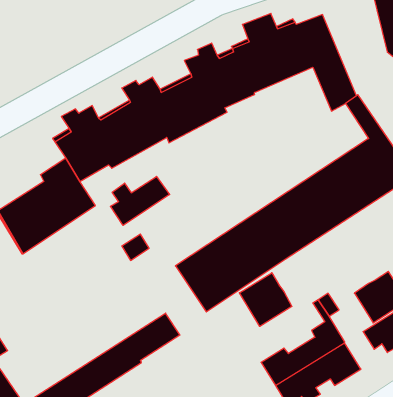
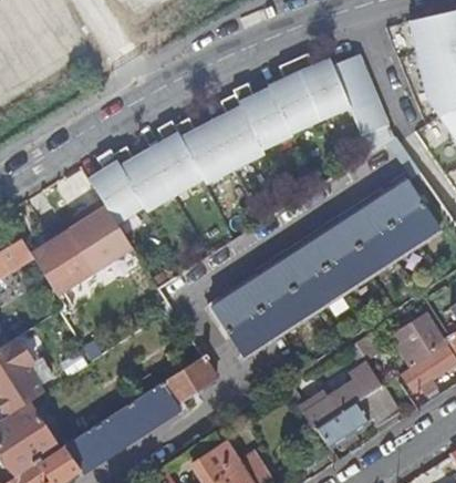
building: [110,176,170,225] -> none
building: [239,273,292,326] -> none

